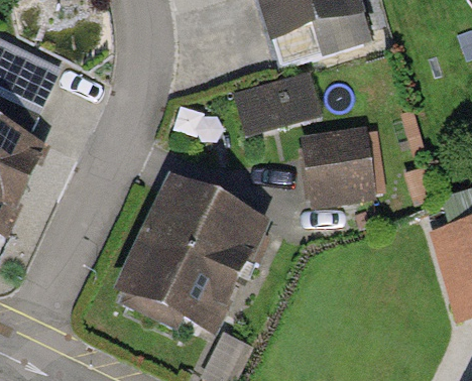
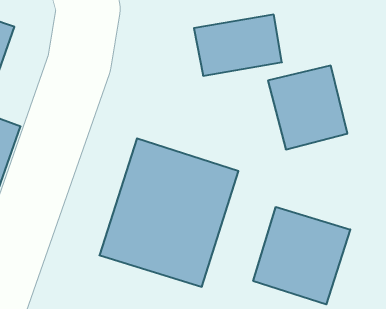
building: none -> [253,207,350,304]

